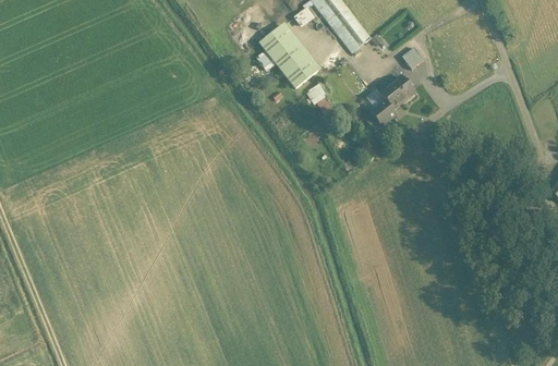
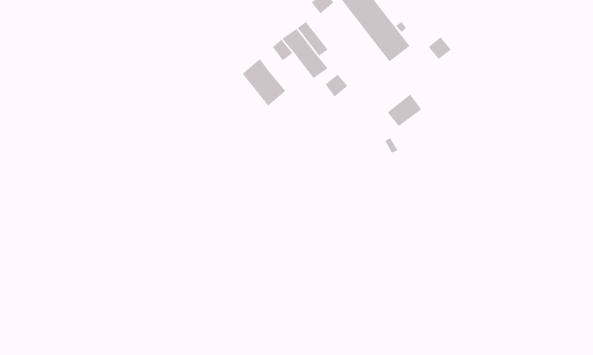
building: none -> [242,58,286,107]
building: [378,73,413,108] -> none

